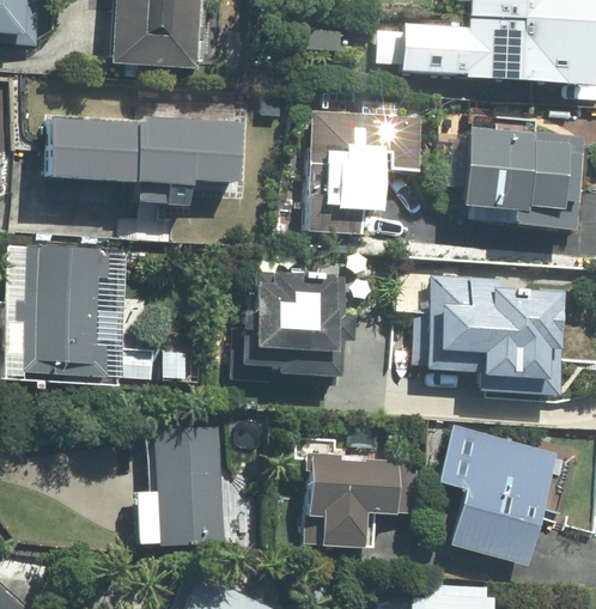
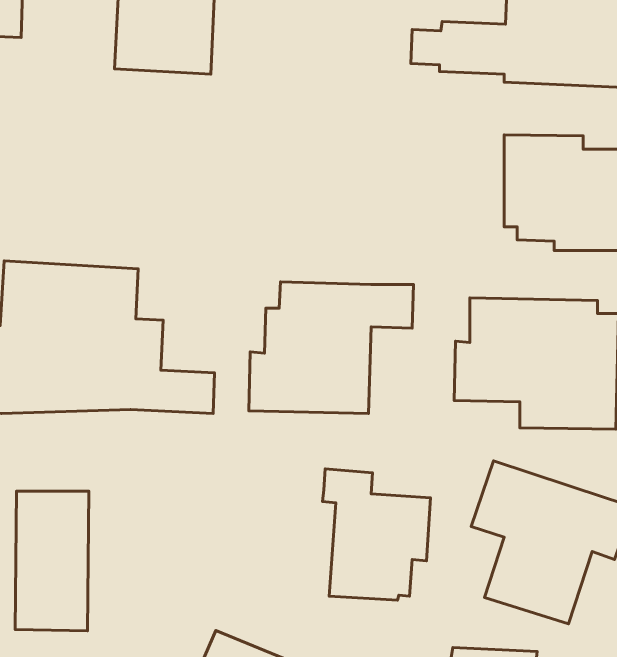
building: [306,112,426,229] -> none
building: [44,115,243,202] -> none
building: [156,415,223,542] -> [15,491,89,631]

